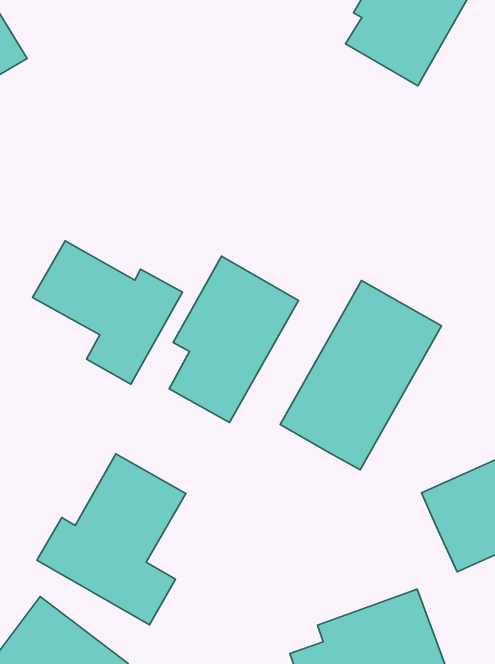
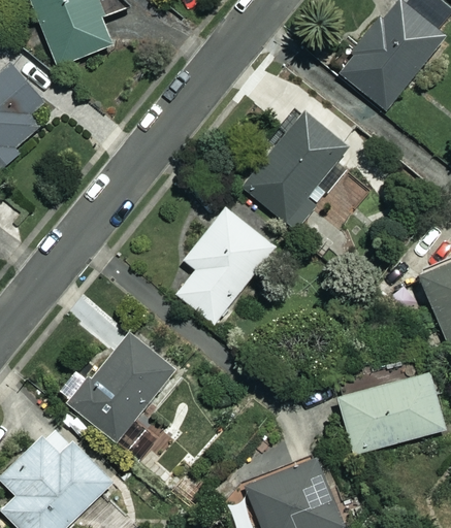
building: none -> [241,109,350,228]
building: [33,241,183,384] -> none
building: [280,280,442,470] -> none

